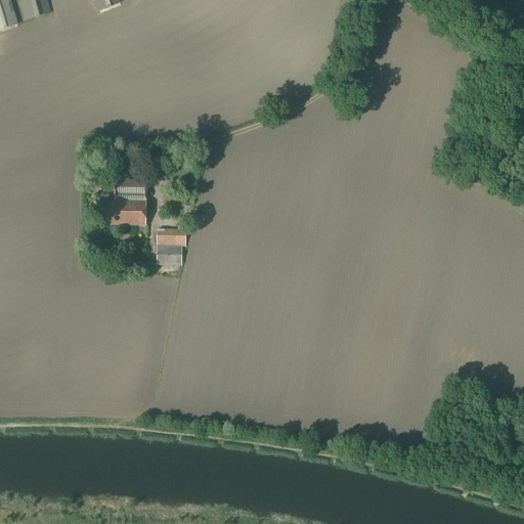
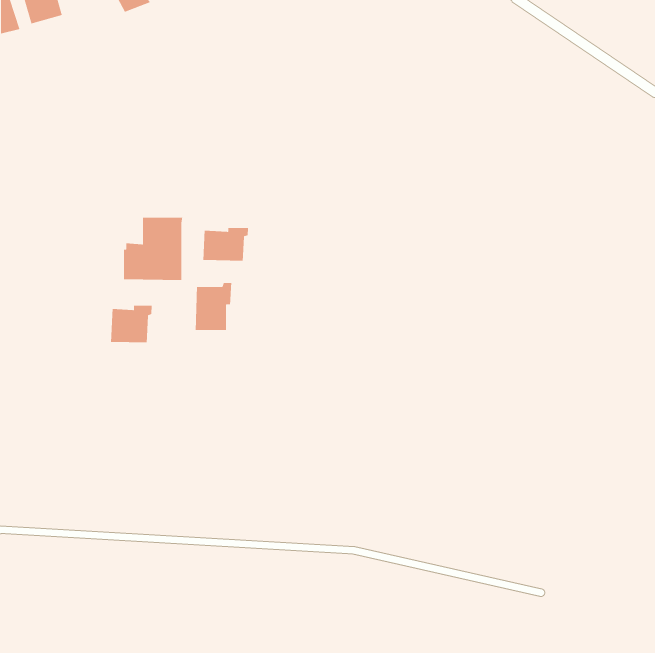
building: none -> [202,227,249,261]
building: none -> [110,305,152,343]

